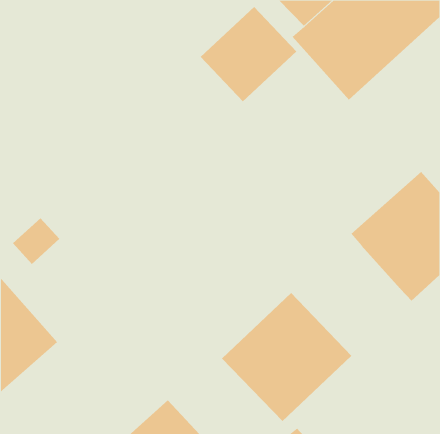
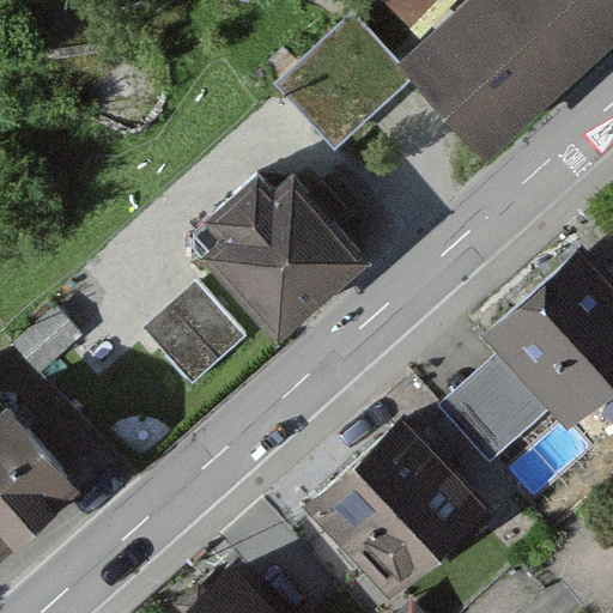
building: none -> [205,170,370,340]
building: none -> [145,285,249,388]
building: none -> [439,350,556,466]

